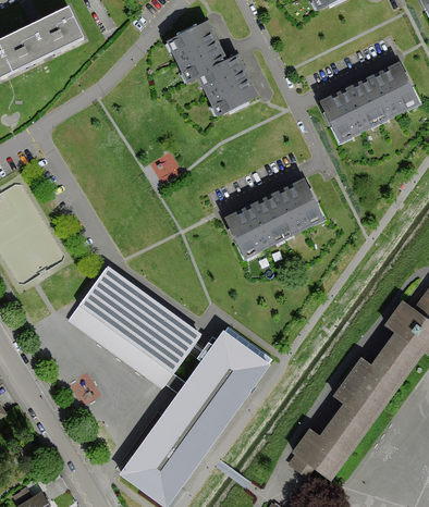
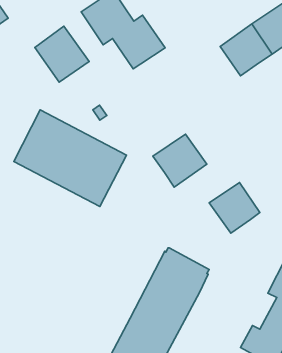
building: none -> [35,26,89,82]
building: [266,181,322,237] -> [209,182,260,233]
building: [69,267,199,387] -> [14,110,127,207]

